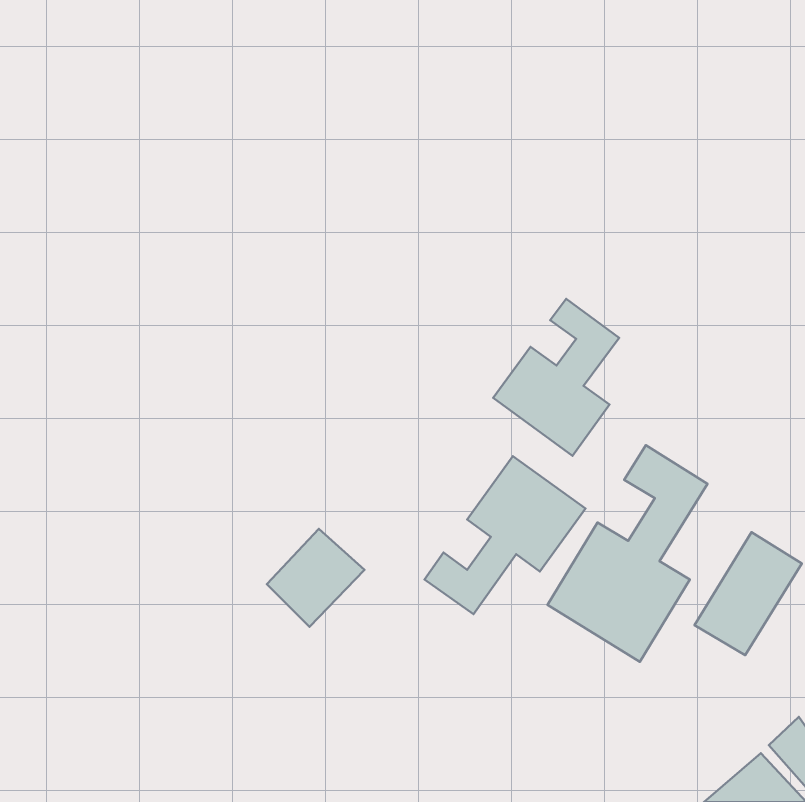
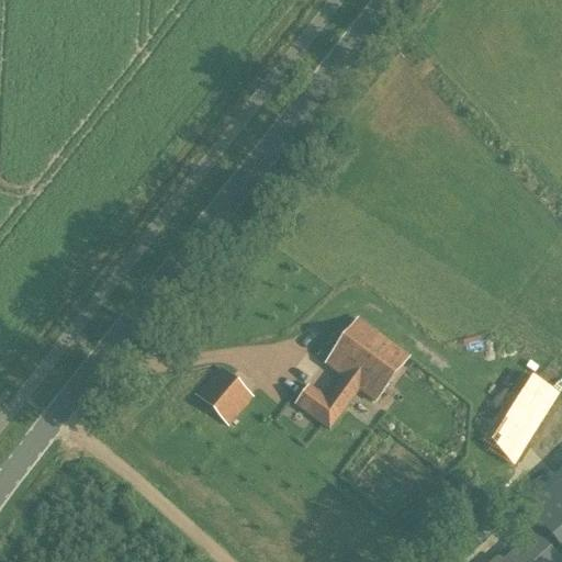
building: [493,299,619,456] -> none
building: [547,445,708,662] -> none

